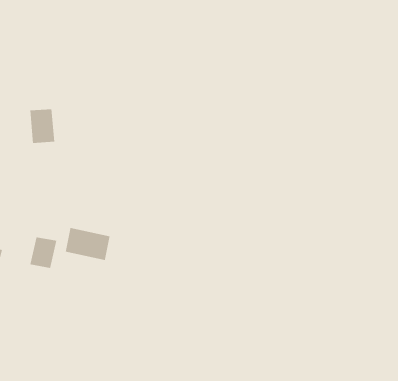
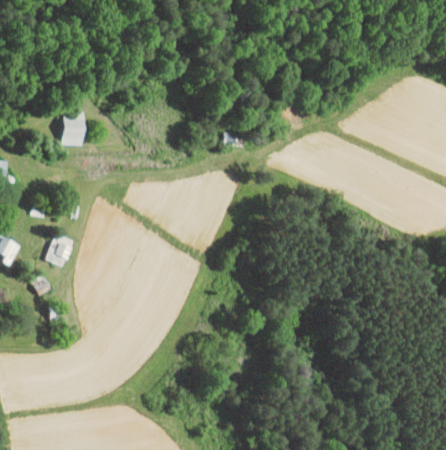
building: [65,227,110,261] -> none

